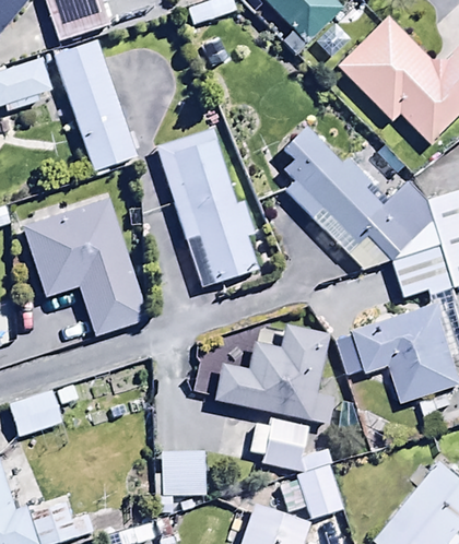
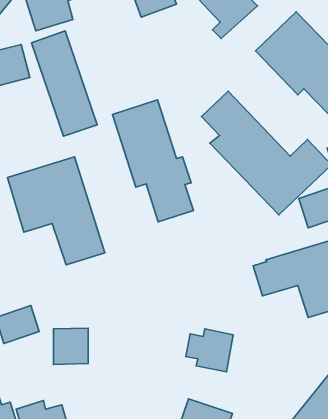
building: [213,324,334,423] -> none
building: [162,449,205,495] -> [54,328,88,364]
building: [280,463,342,517] -> none

